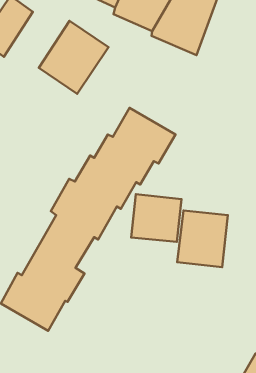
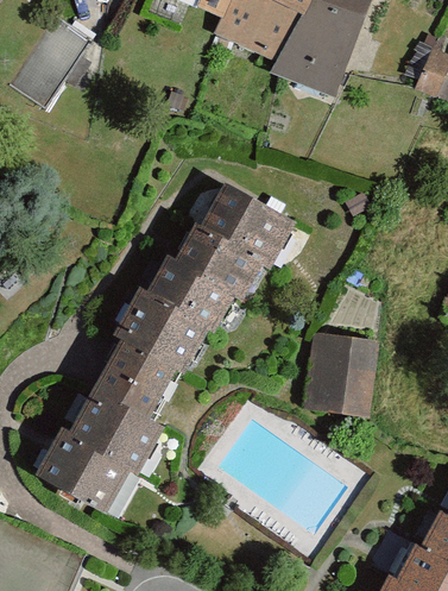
building: [39,21,108,94] -> none
building: [131,194,181,242] -> none

